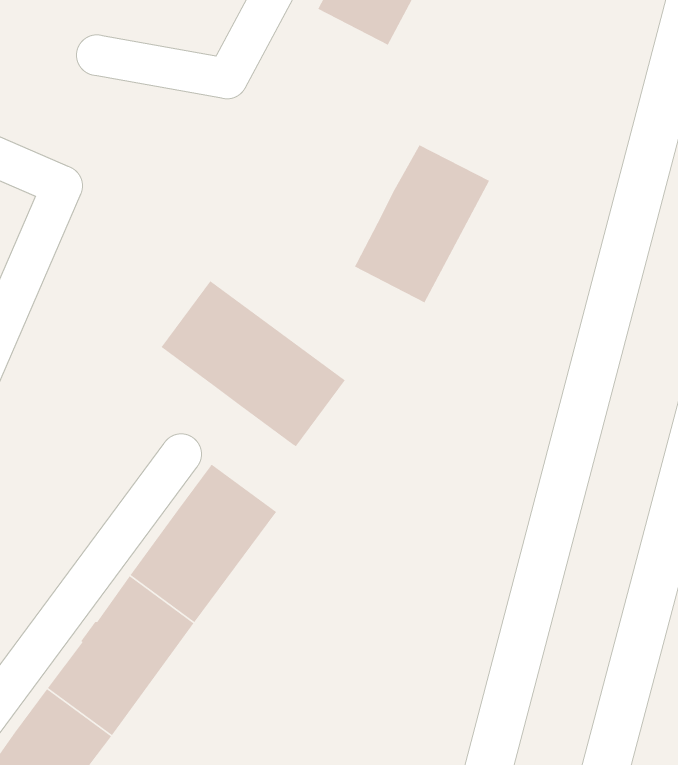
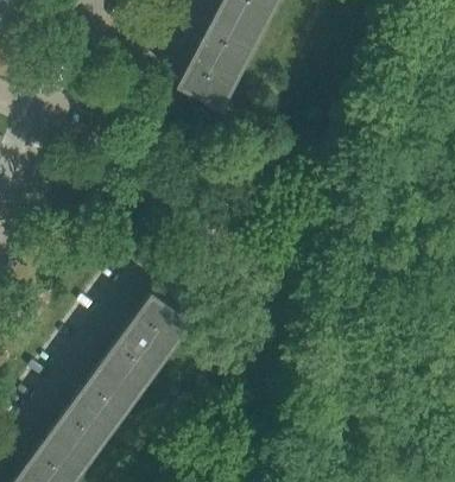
building: [354,144,490,303] -> [179,7,264,106]
building: [160,280,346,447] -> none

